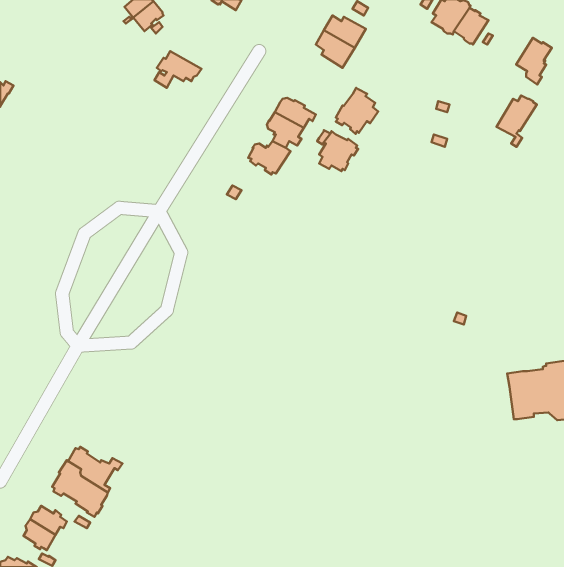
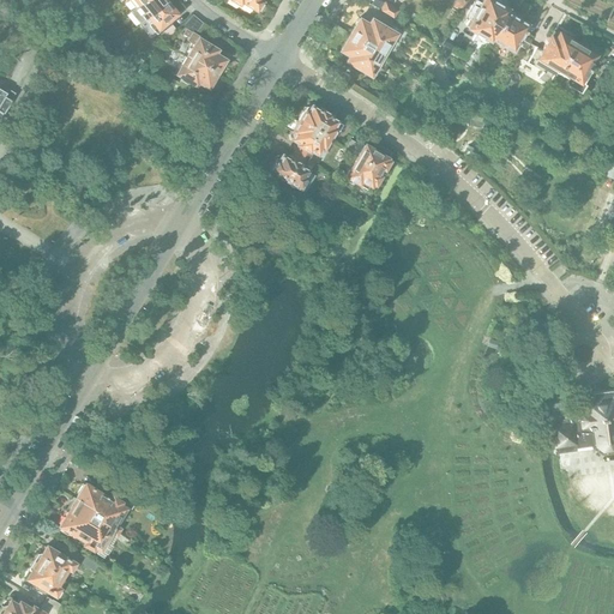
building: none -> [187,28,227,74]
building: [336,88,378,134] -> none
building: [497,96,537,147] -> [536,31,579,86]

